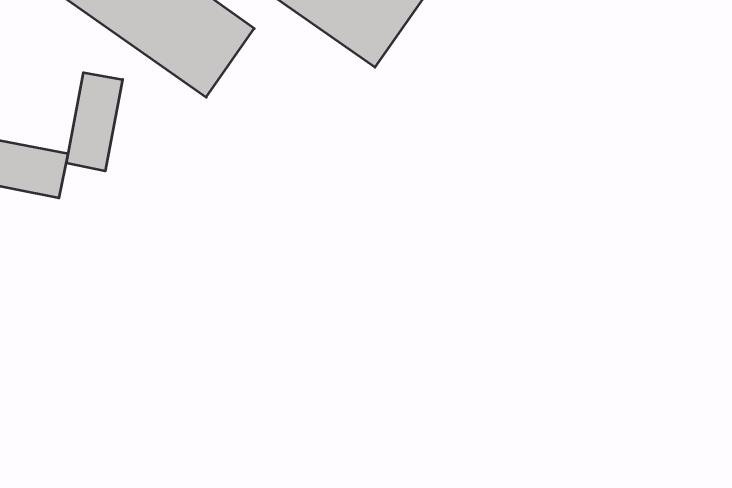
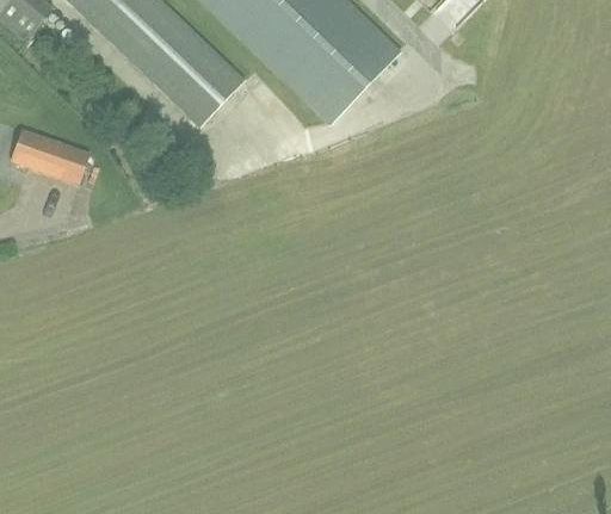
building: [67,73,123,171] -> none

